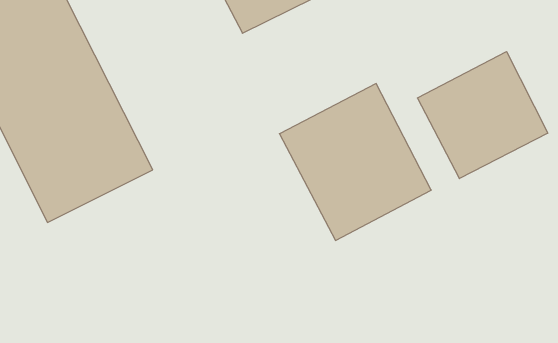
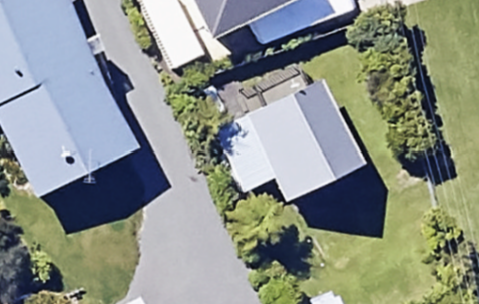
building: [417,52,548,179] -> none

